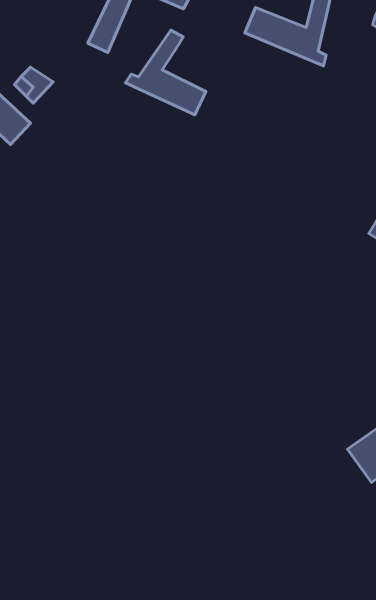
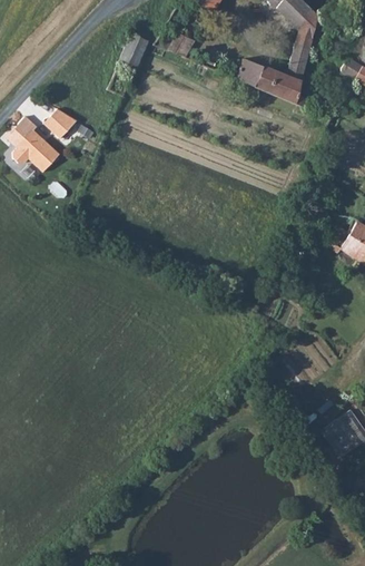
building: [125,30,206,115] -> none

